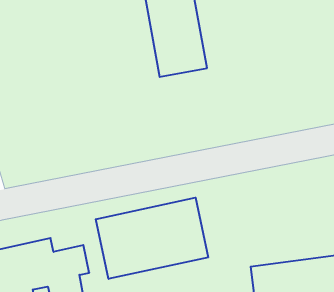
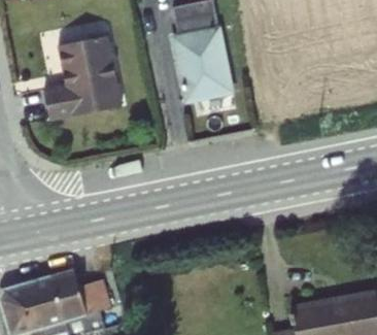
building: none -> [41,37,119,123]
building: [96,198,208,279] -> none

